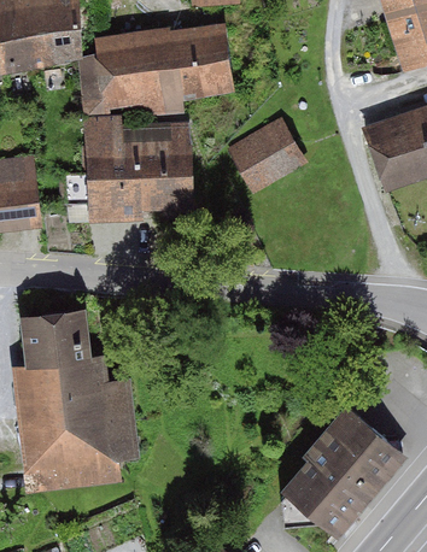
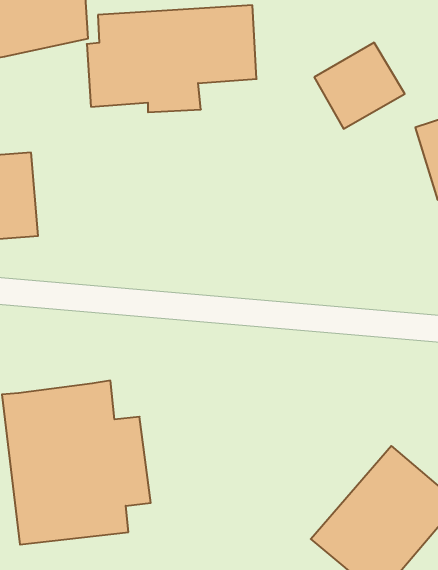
building: [84,114,189,218] -> none
building: [232,119,310,194] -> [314,43,405,129]
building: [17,304,87,362] -> none

